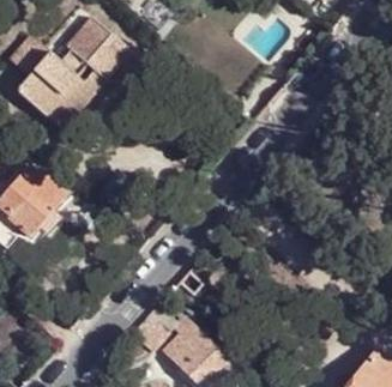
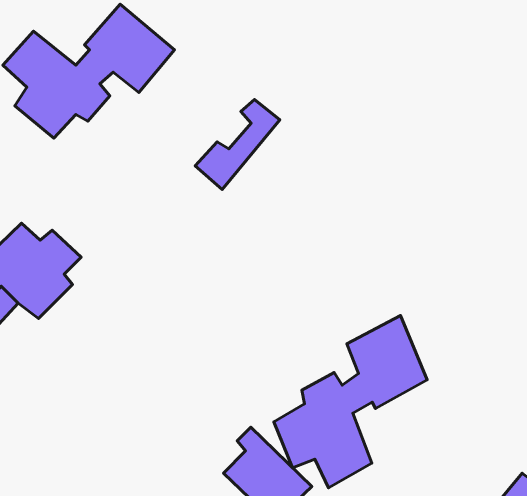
building: [43,65,103,128] -> [195,99,280,190]
building: none -> [274,315,427,488]

